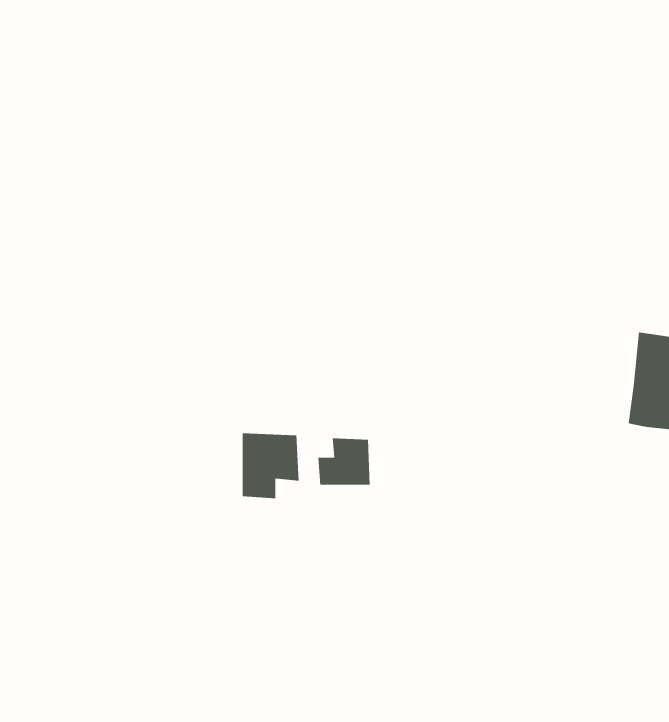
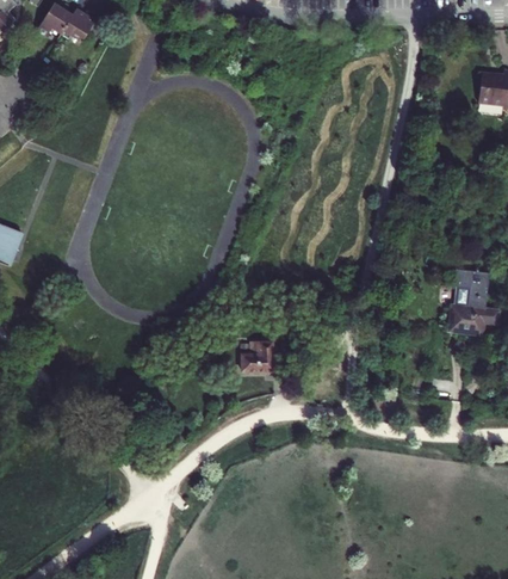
building: [242,433,299,499] -> none

